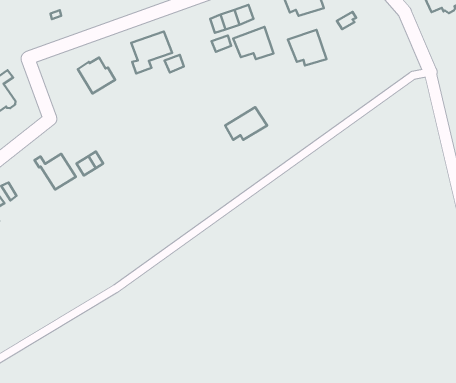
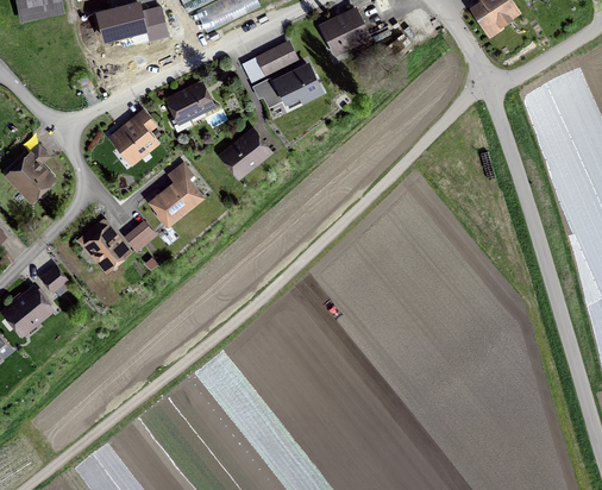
building: [288,30,327,66] -> none
building: [225,107,267,140] -> [222,132,268,170]
building: none -> [150,176,200,225]

